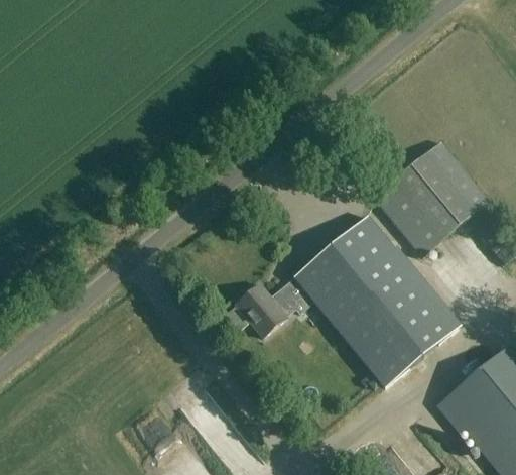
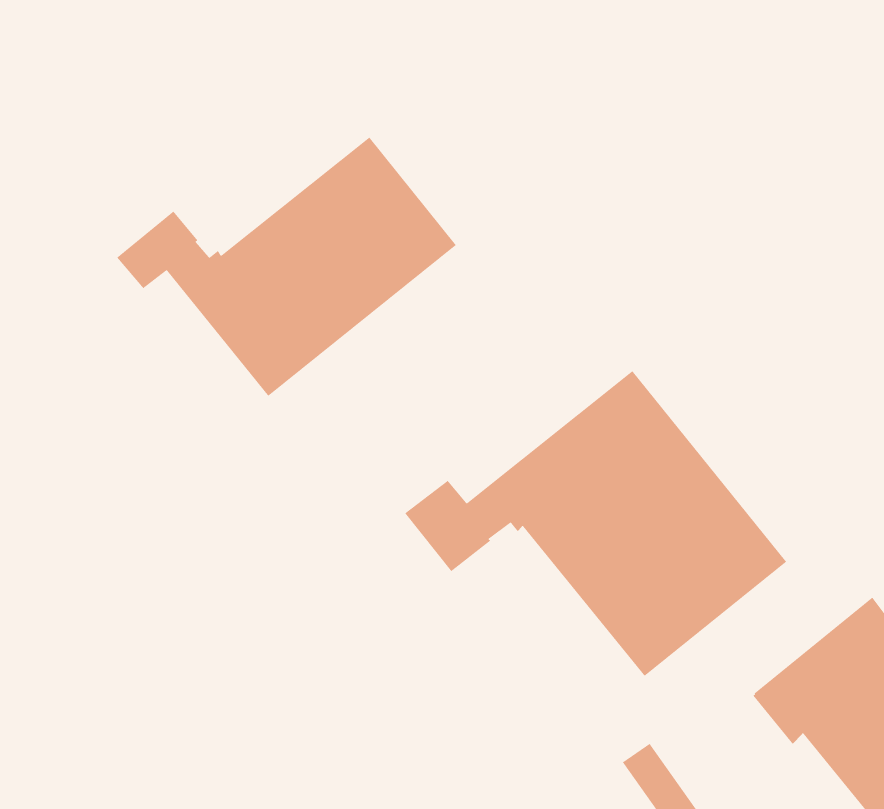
building: none -> [116,136,457,397]
building: [377,136,493,250] -> none

